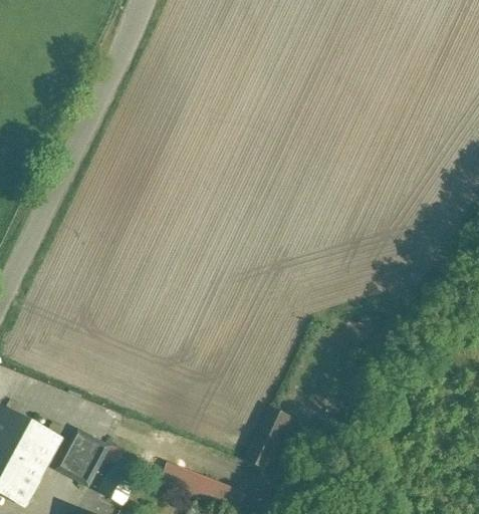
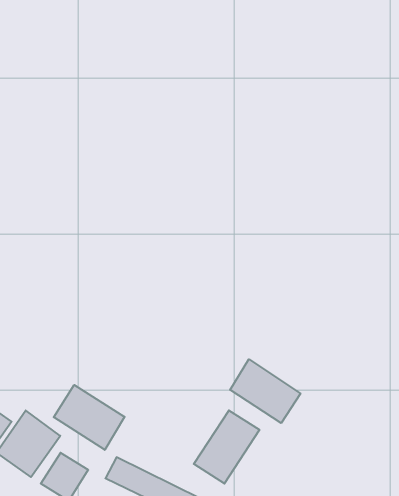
building: none -> [230,359,300,423]
building: none -> [54,385,125,450]

